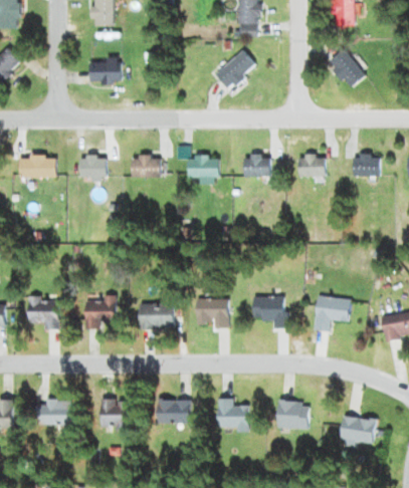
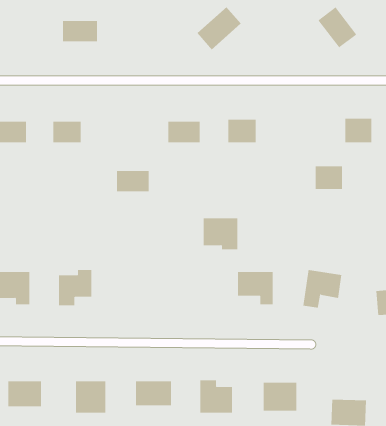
building: [298,155,325,177] -> [315,166,343,190]
building: [131,157,162,177] -> [116,170,149,192]
building: [196,298,229,328] -> [203,218,238,250]
building: [139,303,173,328] -> none

